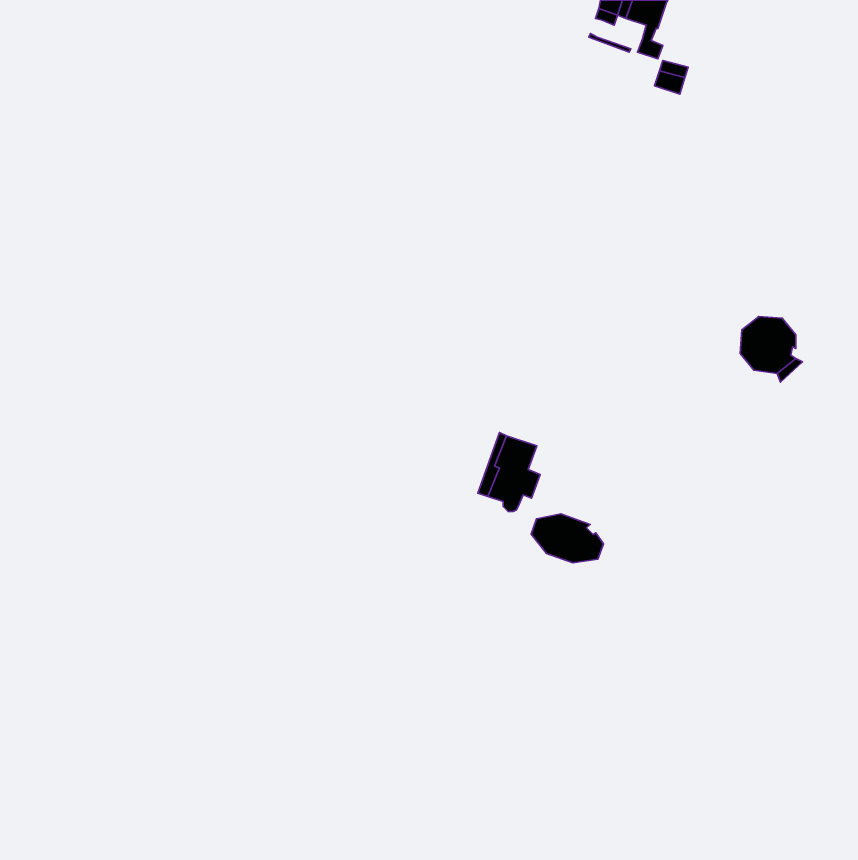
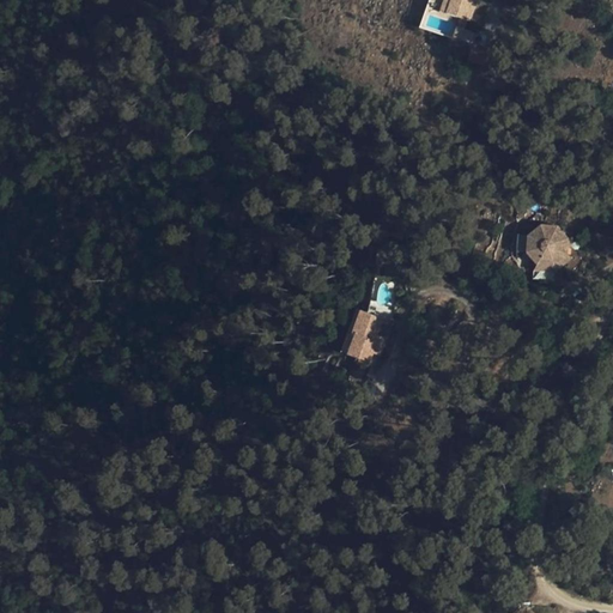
building: [531,514,603,563] -> none

